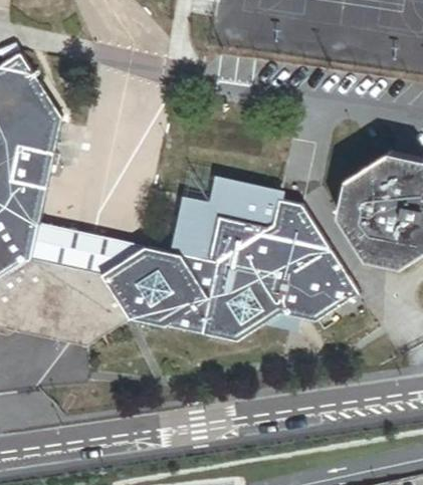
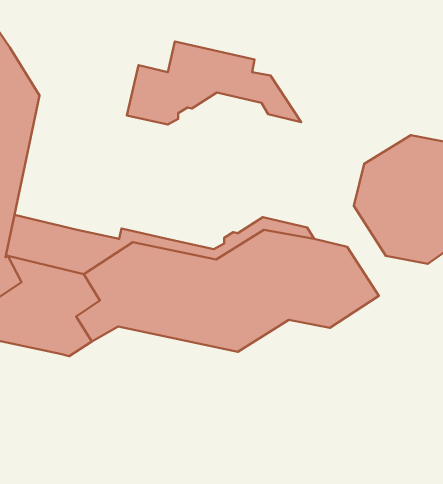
building: [176,178,330,251] -> [127,41,301,125]

